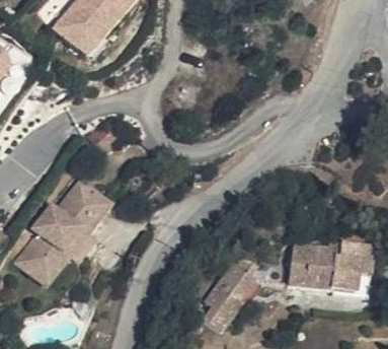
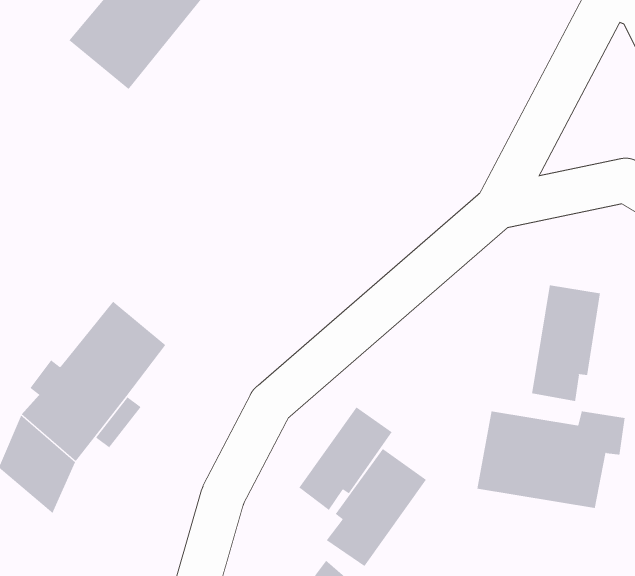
building: none -> [532,285,600,402]
building: none -> [298,406,393,511]

